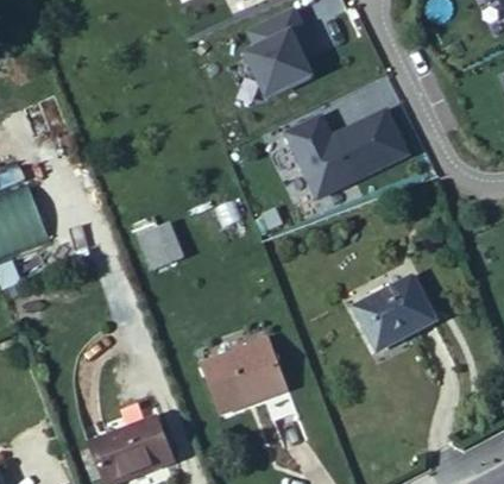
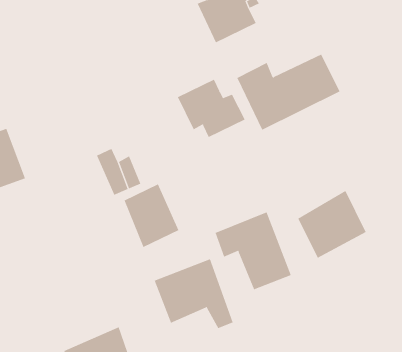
building: none -> [177,79,245,138]
building: none -> [124,184,179,248]
building: none -> [215,212,292,290]

